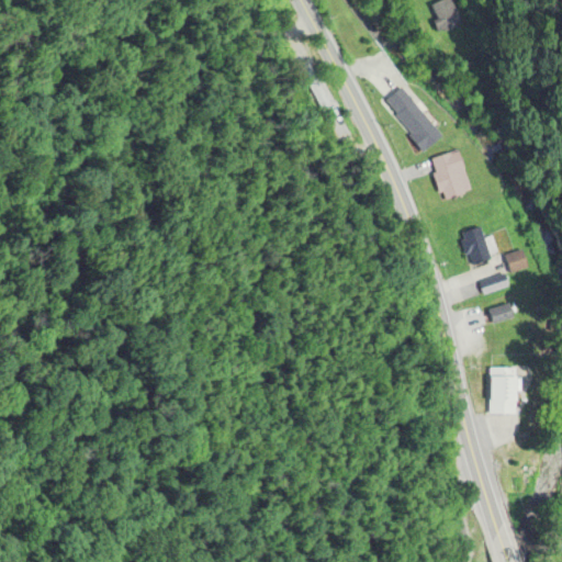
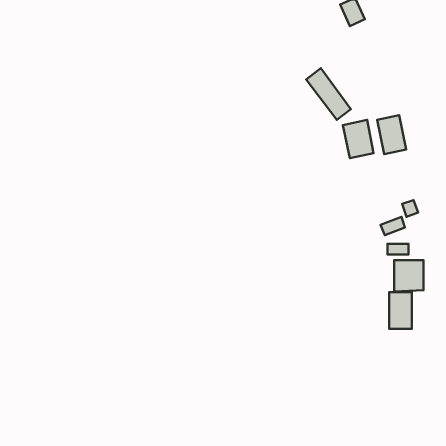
building: none -> [377,115,406,154]
building: [459,226,493,268] -> none
building: none -> [394,260,424,291]

